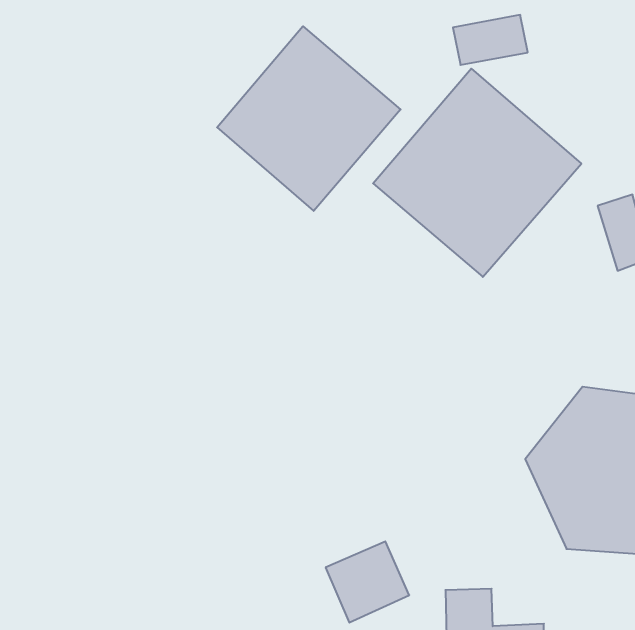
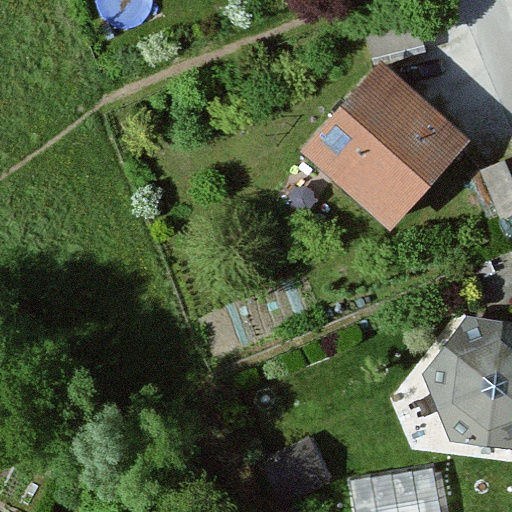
building: [217,26,401,211] -> none

